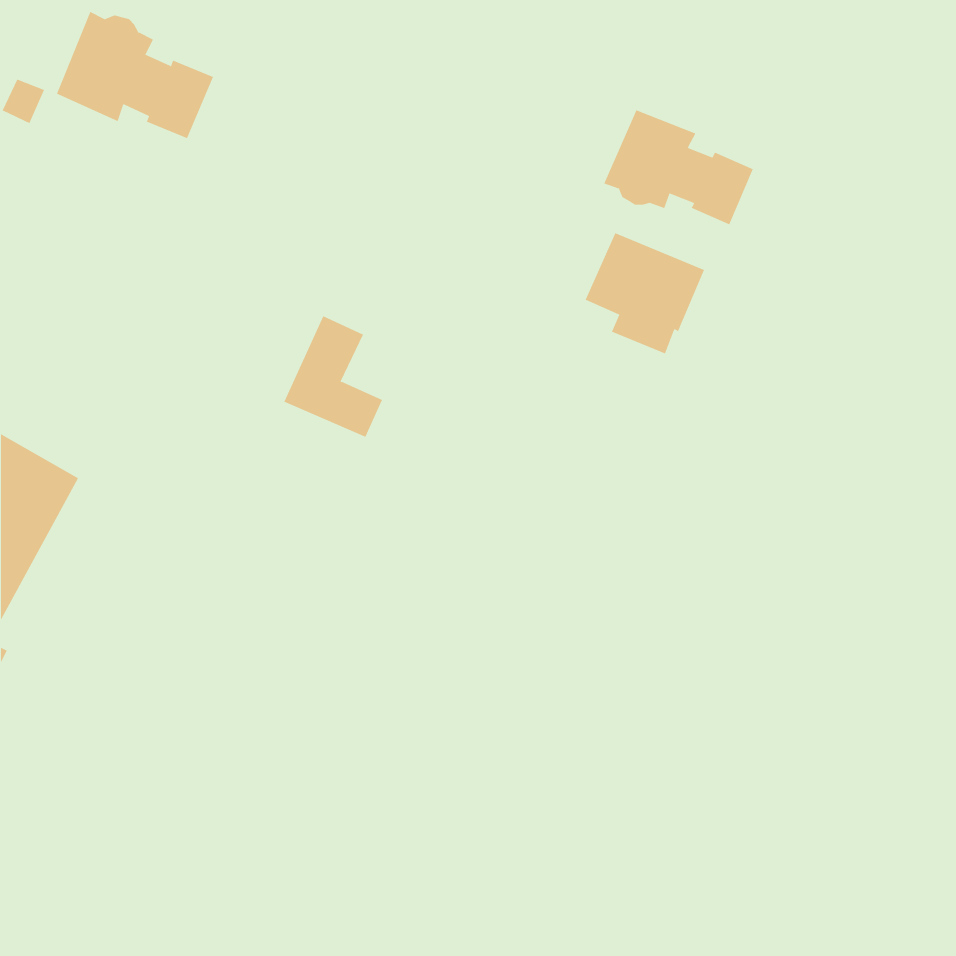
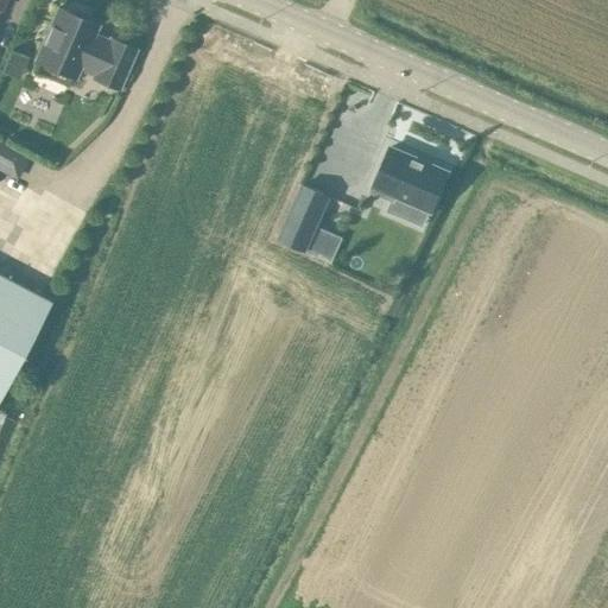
building: [604,109,754,225] -> none
building: [283,316,383,437] -> [279,185,342,262]

